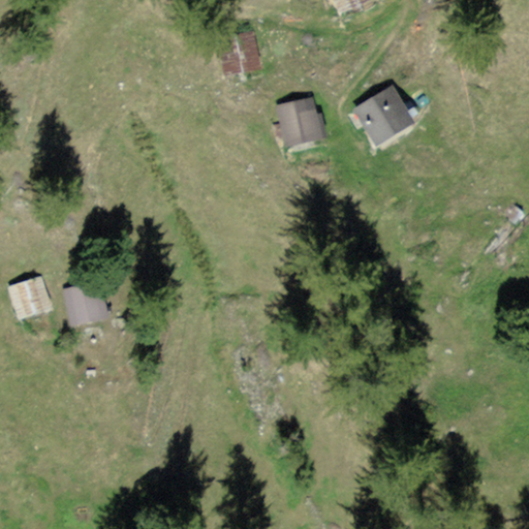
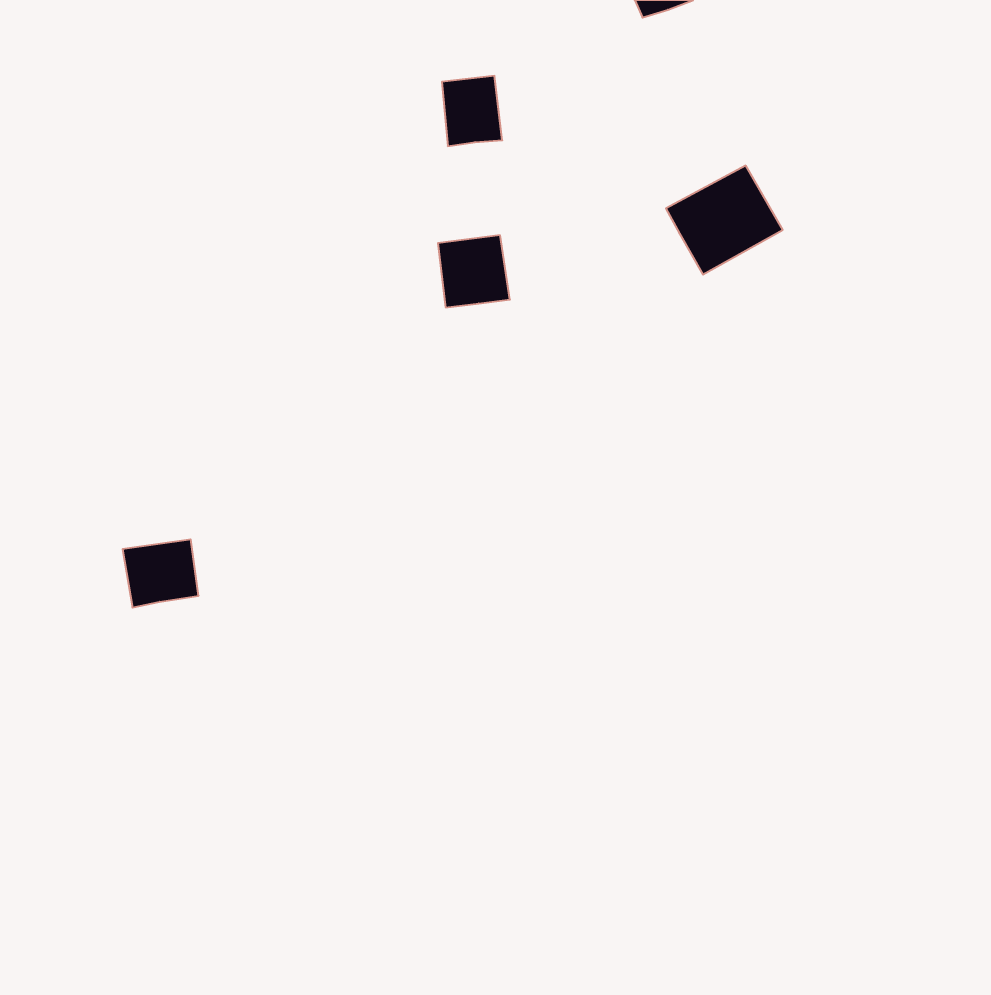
building: [278,99,316,137] -> [438,235,510,307]
building: [8,279,45,314] -> none

